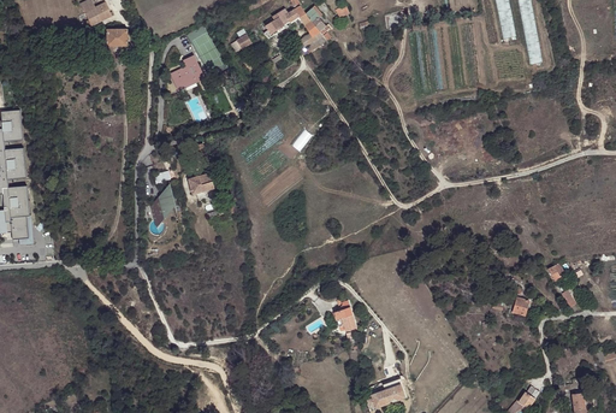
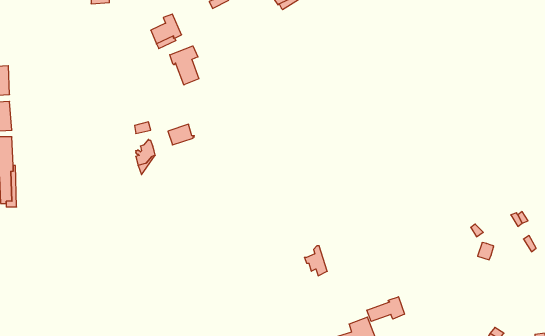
building: none -> [170,46,199,85]
building: none -> [367,297,404,321]

